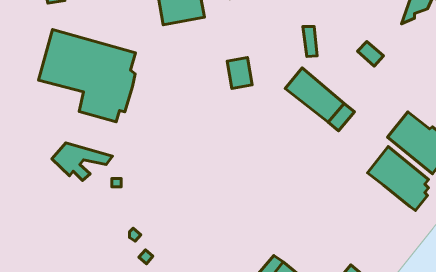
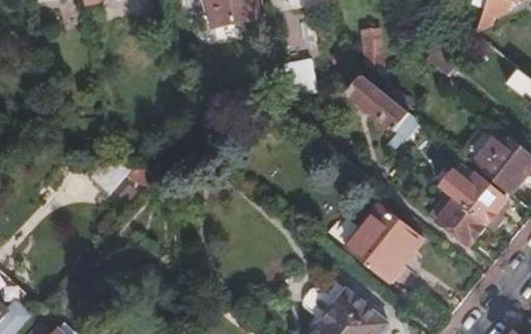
building: [38,30,135,122] -> none
building: none -> [341,204,422,282]
building: none -> [440,205,485,249]

